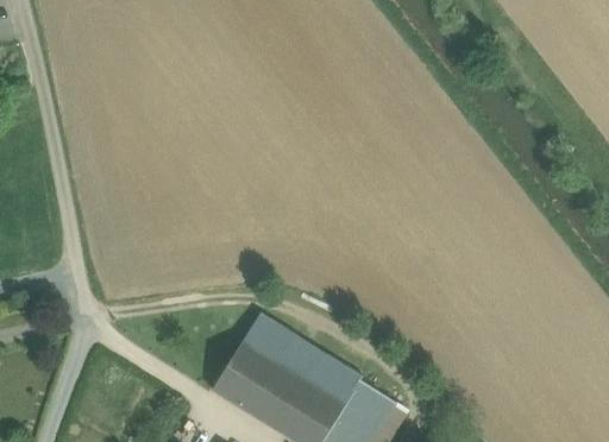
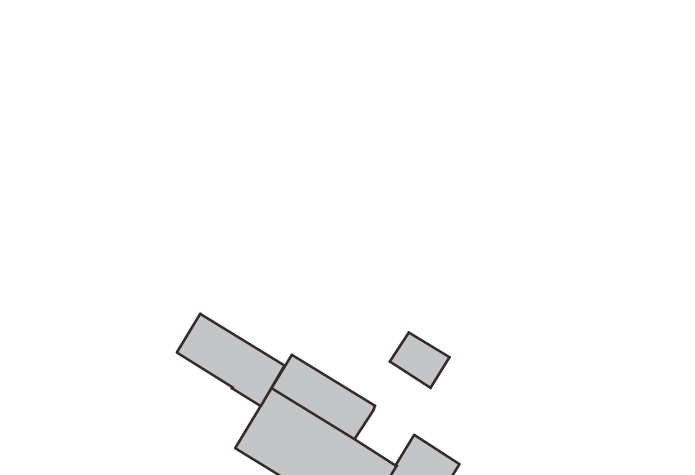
building: none -> [177,314,285,406]
building: [312,359,360,404] -> [390,332,450,388]

